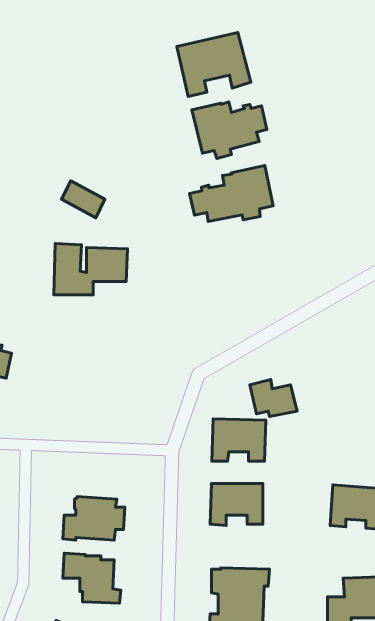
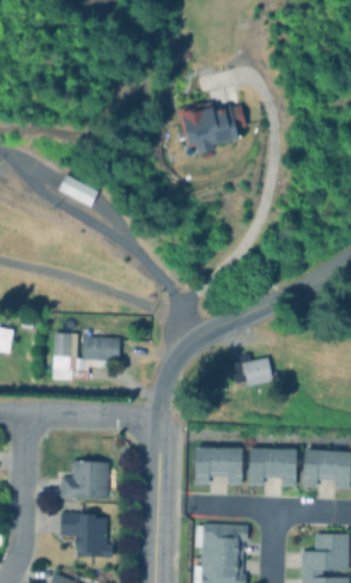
building: [177,33,251,96] -> none
building: [189,165,273,221] -> none
building: [54,243,127,295] -> [53,332,120,378]
building: [212,419,266,461] -> [248,448,297,486]

